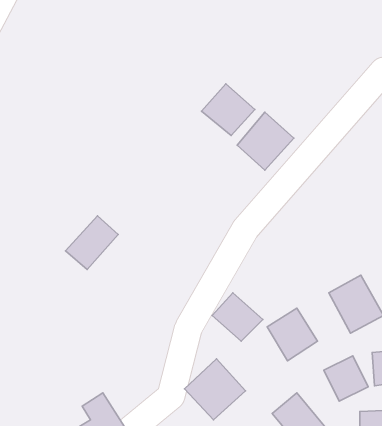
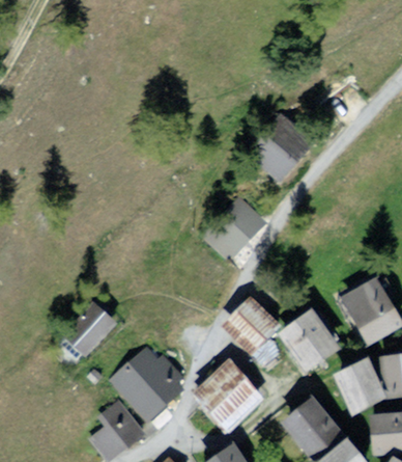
building: [201,84,255,136] -> none
building: none -> [206,197,262,253]
building: [66,216,118,269] -> [60,302,113,356]
building: none -> [112,354,173,416]

